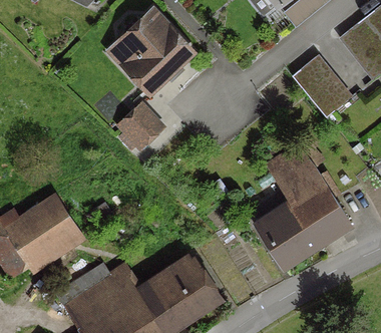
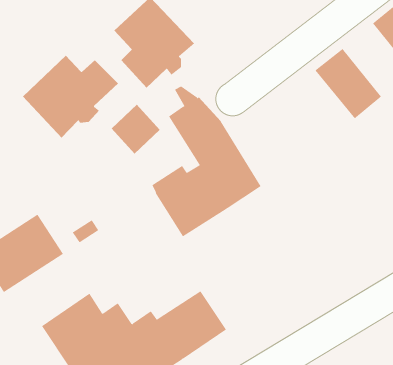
building: none -> [22,55,119,138]
building: [257,138,350,267] -> [152,86,262,237]

